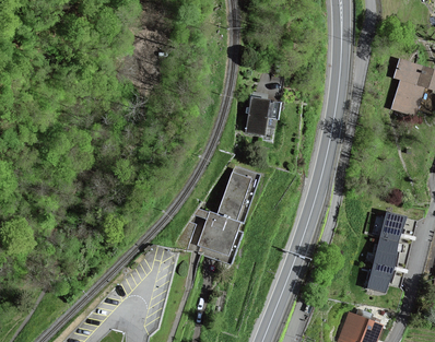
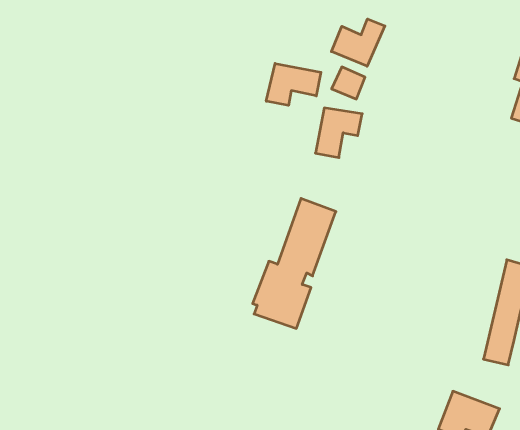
building: none -> [331,19,385,66]
building: none -> [266,63,321,105]

